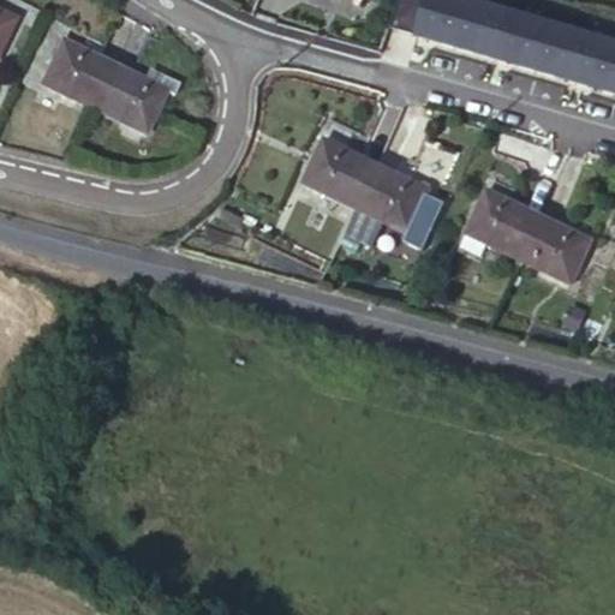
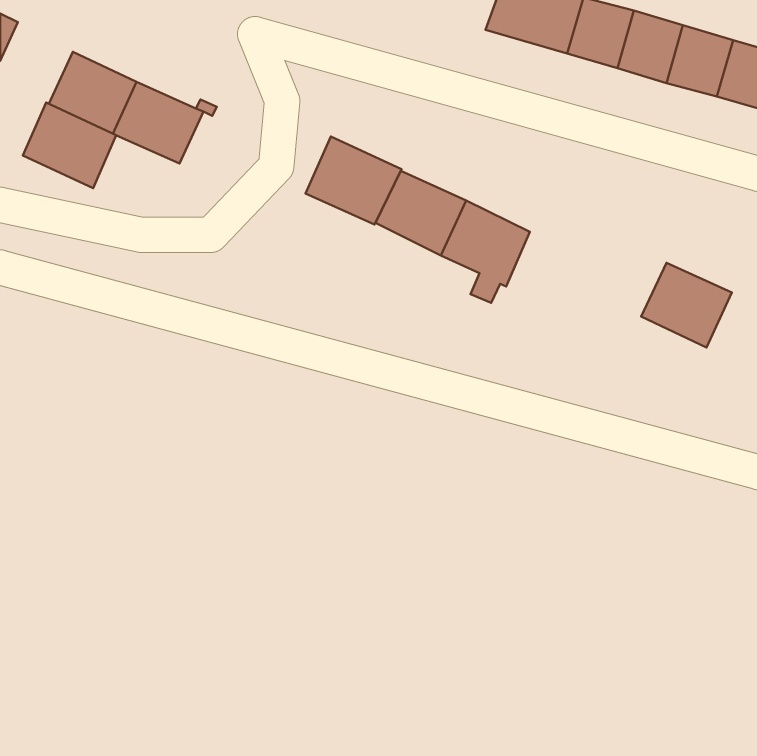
building: none -> [23,103,116,188]
building: none -> [306,137,401,225]
building: [464,189,541,256] -> none

